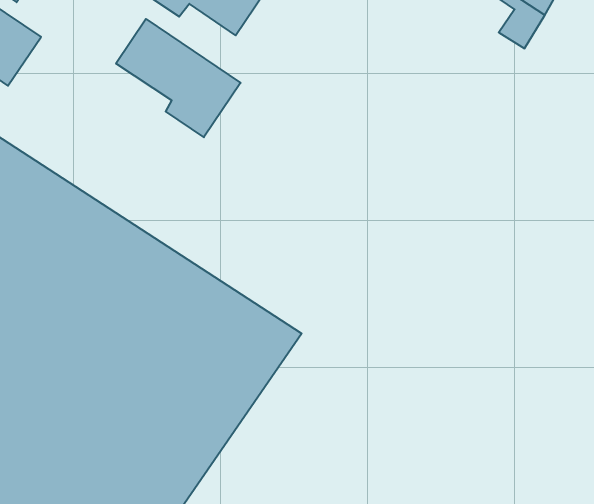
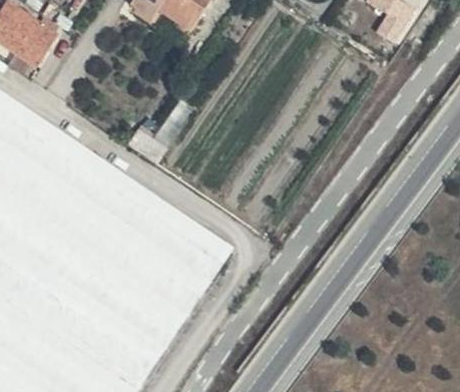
building: [116,19,241,137] -> none

